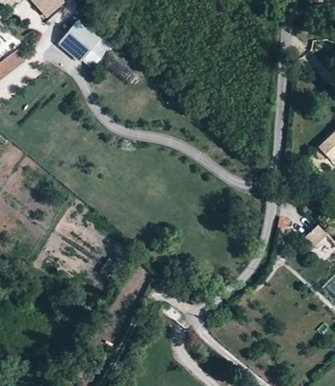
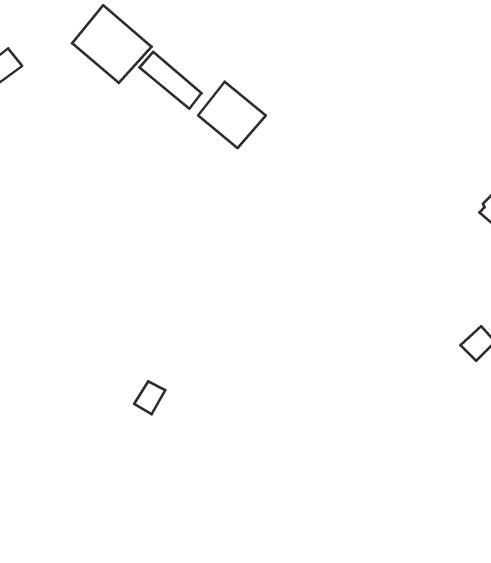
building: none -> [198,82,266,148]

